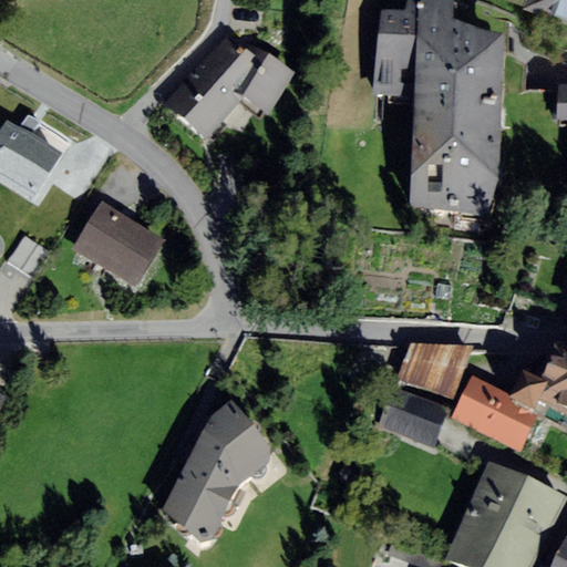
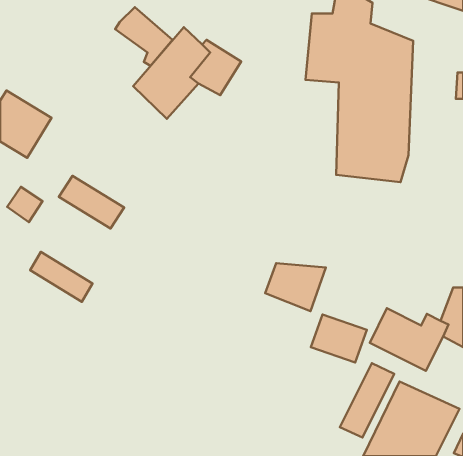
building: none -> [115,7,173,66]
building: [89,193,165,254] -> [30,252,93,302]
building: [399,342,473,401] -> [265,263,326,311]
building: [162,392,270,534] -> none
building: none -> [340,363,394,437]

